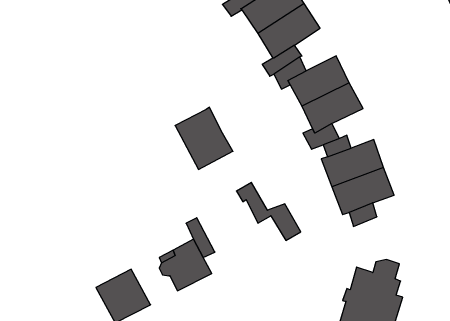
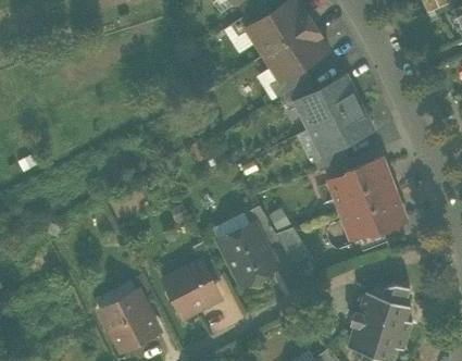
building: [175,107,233,169] -> [218,224,277,287]

